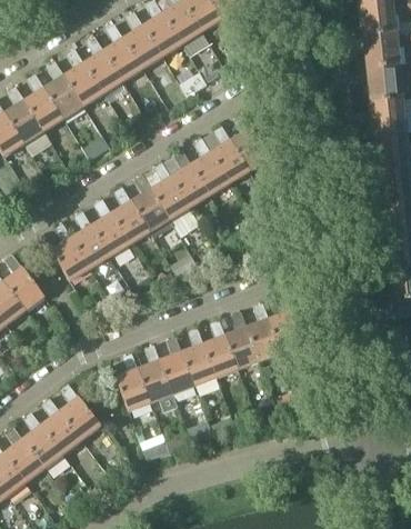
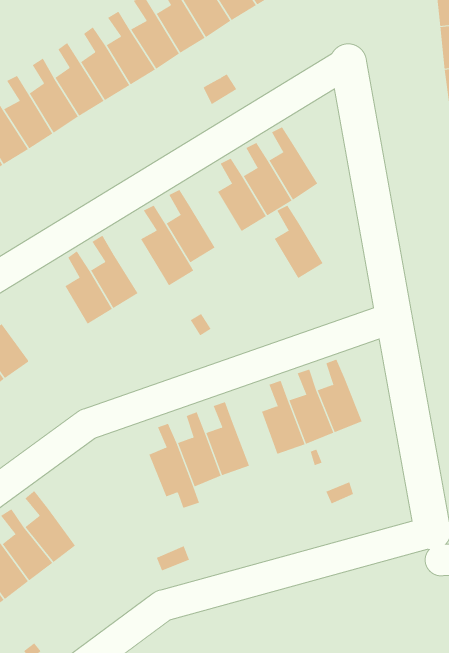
building: [171,151,210,209] -> [274,205,324,279]
building: [111,188,150,244] -> none
building: [51,223,90,282] -> none
building: [203,320,238,379] -> none
building: [116,353,151,412] -> none
building: [60,385,101,441] -> none

